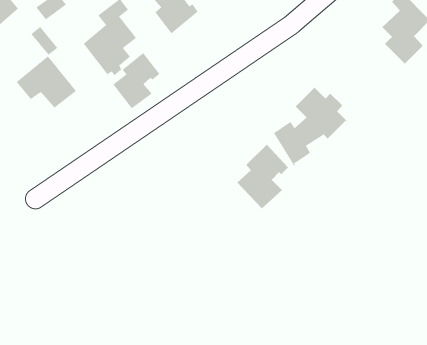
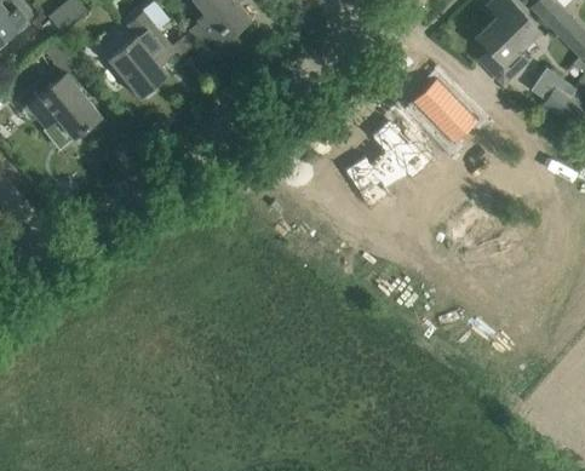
building: [112,52,160,109] -> none
building: none -> [412,79,476,144]
building: [237,144,289,209] -> none

